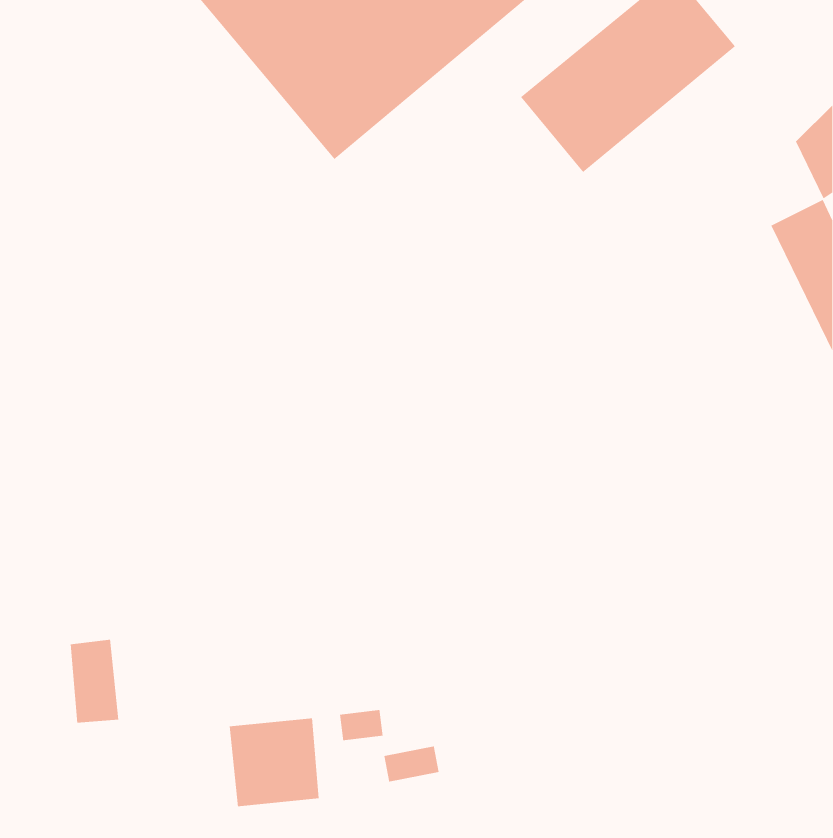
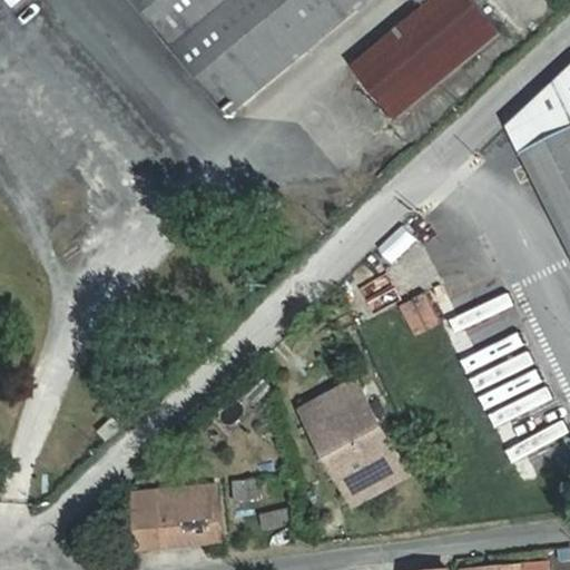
building: none -> [508,96,557,153]
building: none -> [311,384,404,500]
building: [70,639,119,723] -> [127,491,160,548]

